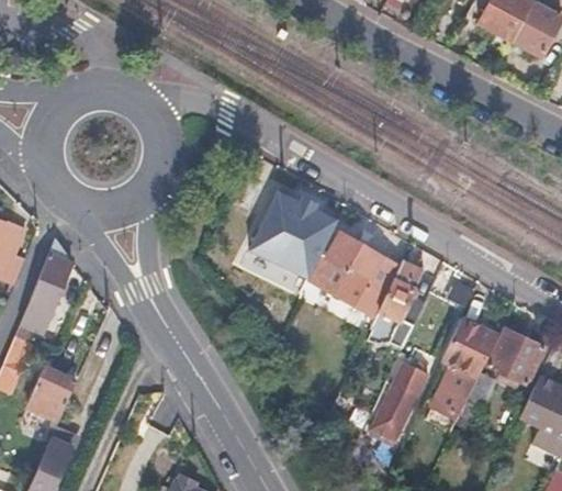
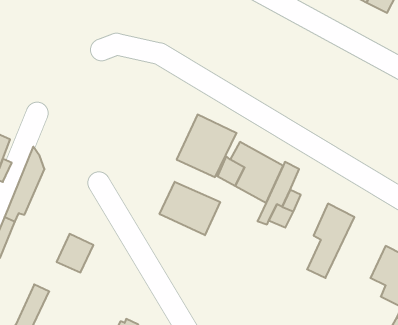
building: none -> [160,182,220,235]
building: [488,330,540,379] -> none
building: [369,362,427,442] -> none
building: [25,370,76,423] -> [57,234,93,272]

